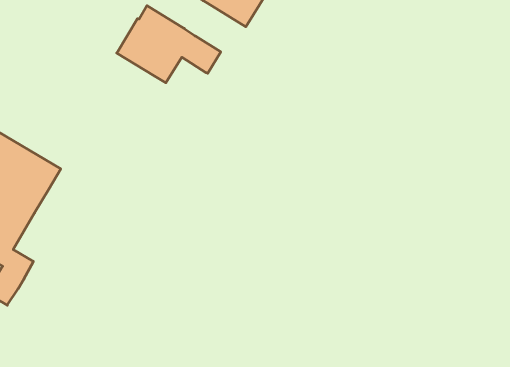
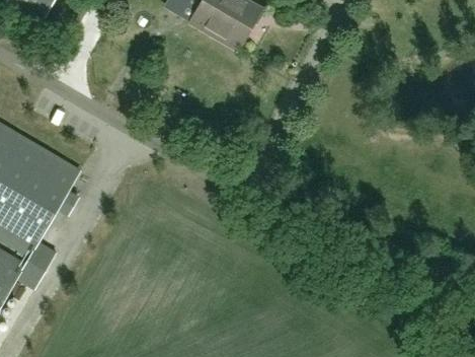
building: [117,6,221,83] -> none

